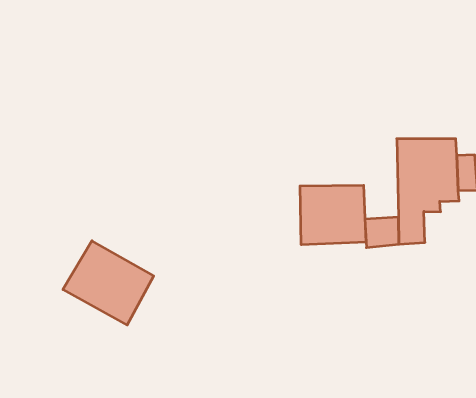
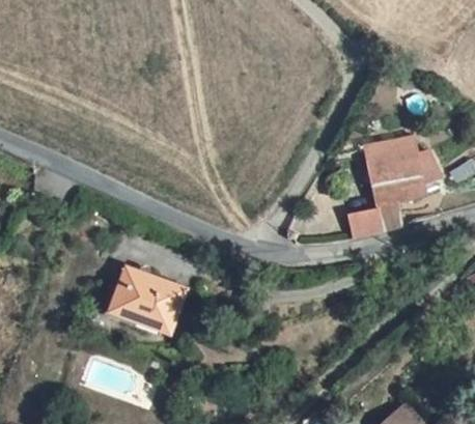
building: [300,185,366,245] -> none

